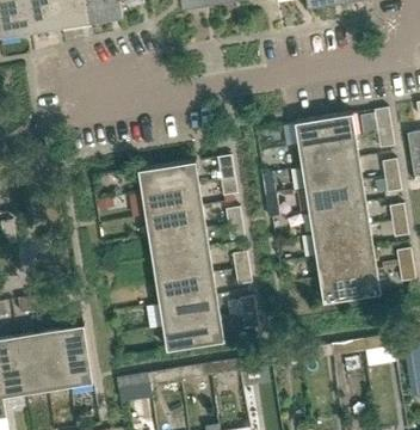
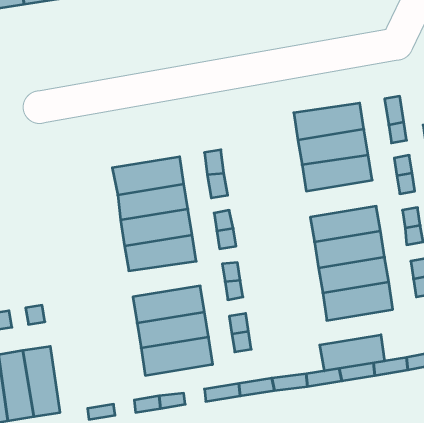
building: [305,182,366,214] -> none
building: [152,252,214,283] -> none
building: none -> [320,335,384,371]

